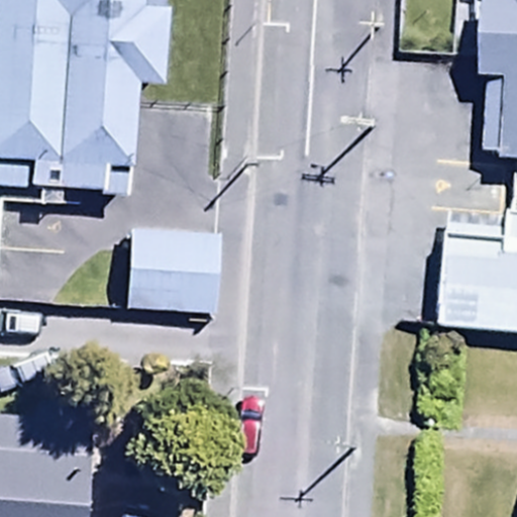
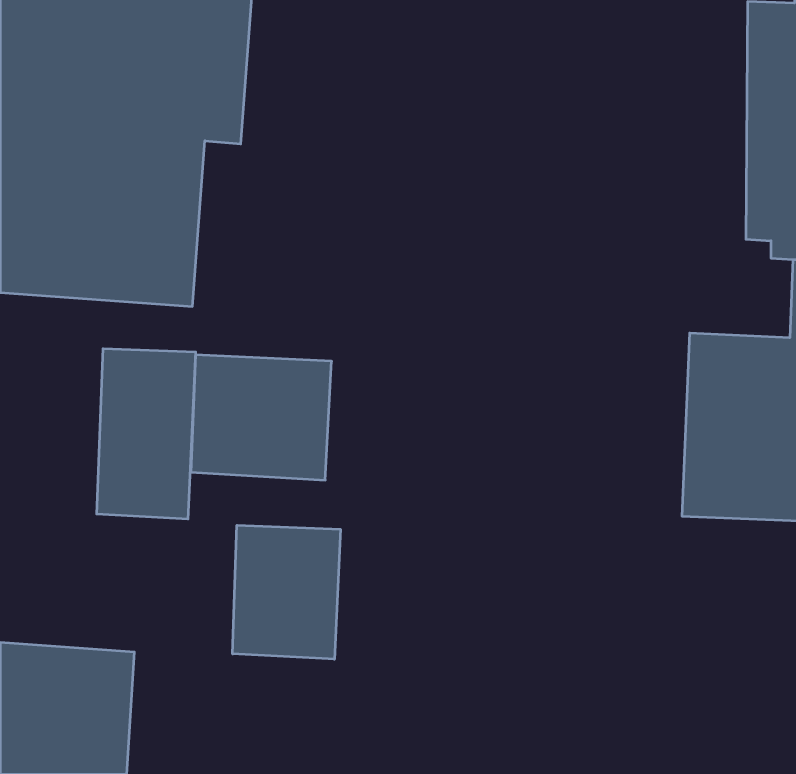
building: none -> [97,349,196,519]
building: none -> [233,525,340,659]

